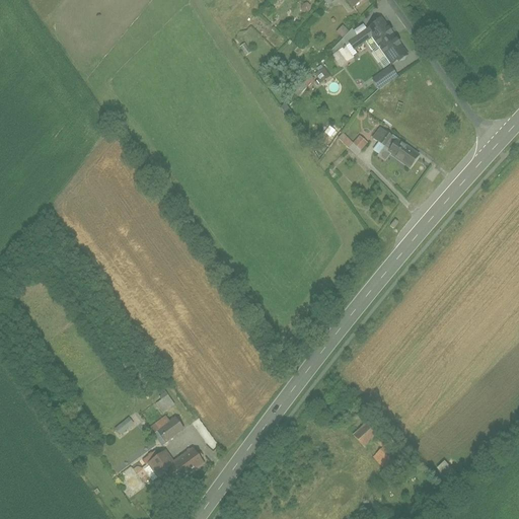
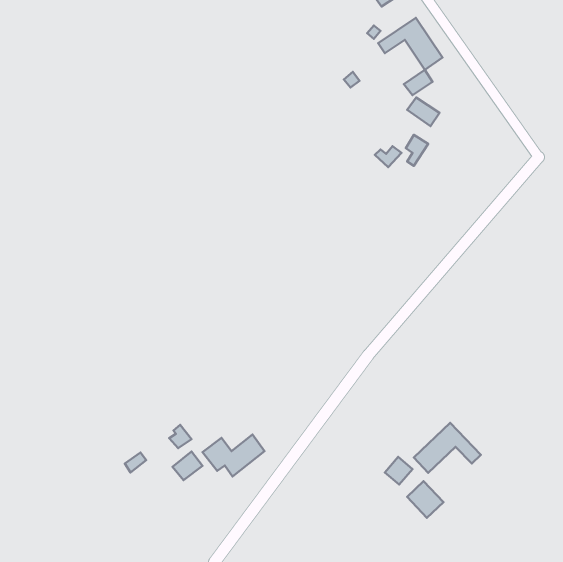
building: [387,140,417,166] -> [407,98,439,126]
building: none -> [414,423,481,473]
building: [148,443,205,481] -> [203,434,265,477]

